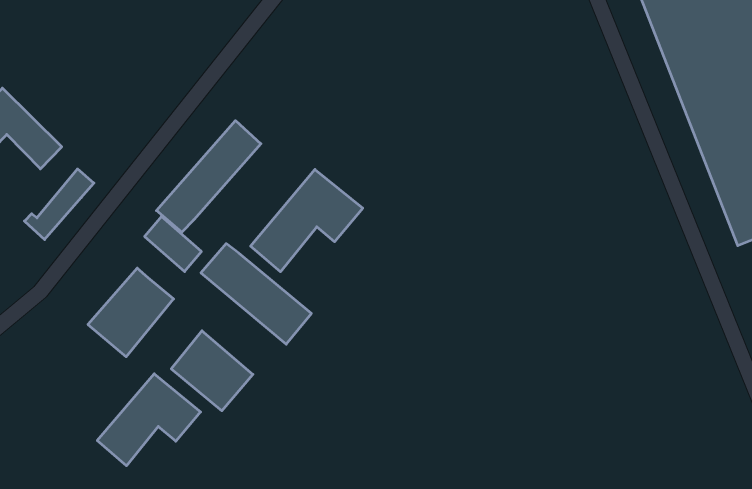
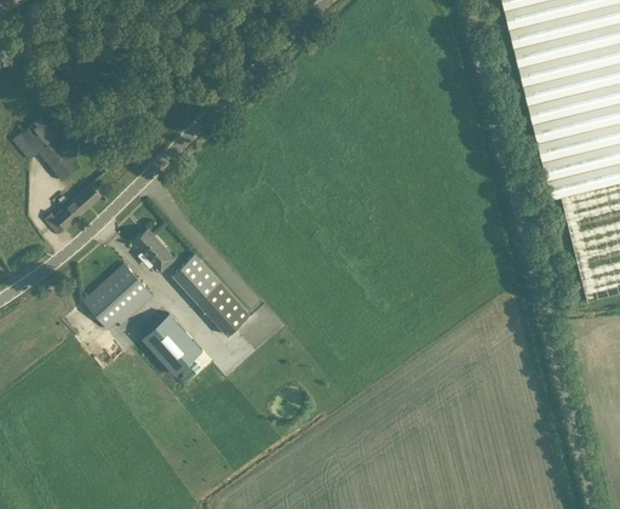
building: [156,121,261,232] -> none
building: [251,169,363,272] -> none
building: [97,374,201,466] -> none

